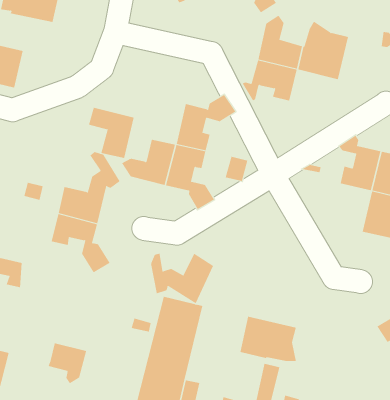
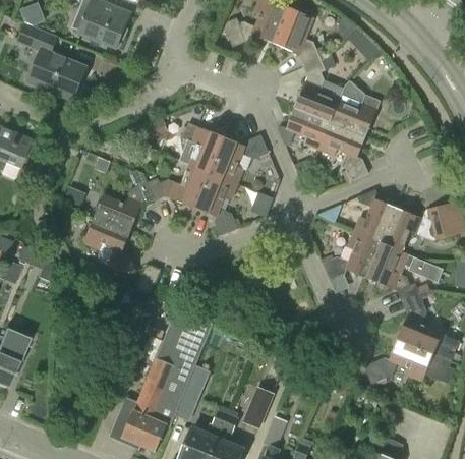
building: none -> [318,122,367,180]
building: [88,107,134,159] -> [181,122,224,173]
building: none -> [322,231,380,292]
building: [151,253,214,304] -> none
building: [240,316,297,362] -> none
building: [48,342,87,384] -> none

